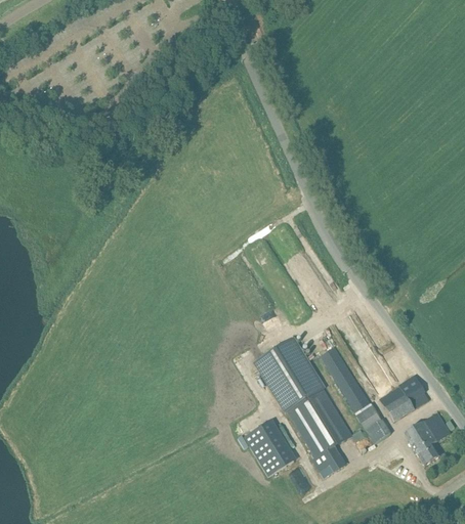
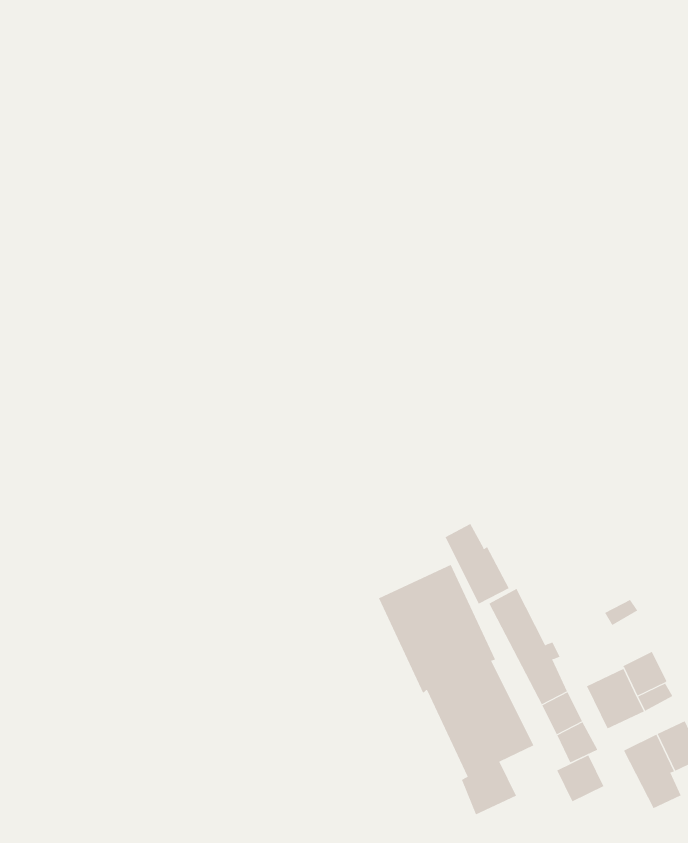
building: none -> [445,523,510,605]
building: [242,420,295,476] -> none
building: none -> [556,754,604,802]

